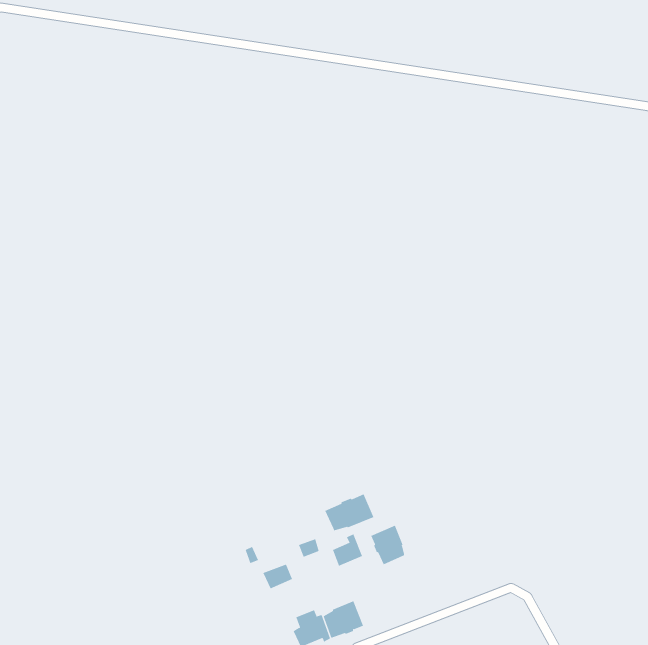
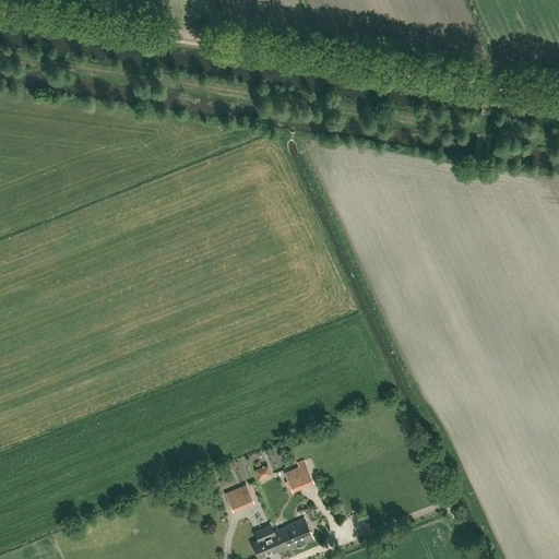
building: [325,493,374,533] -> none
building: [370,525,406,565] -> none

